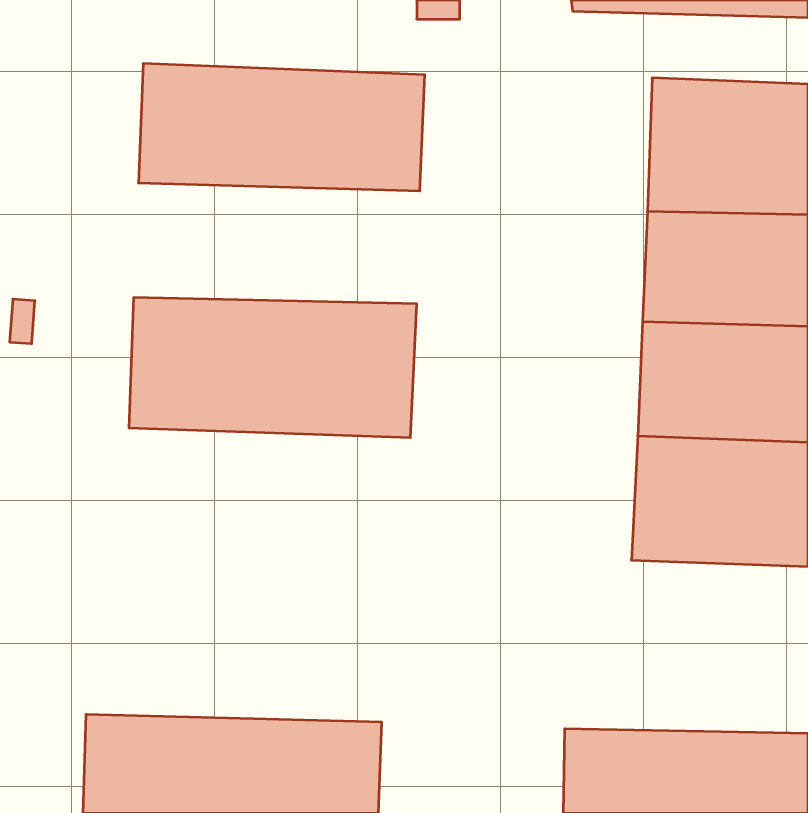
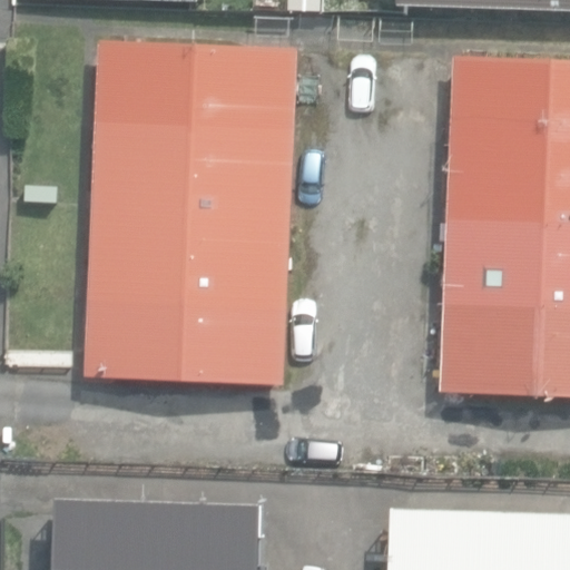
building: none -> [94,128,294,213]
building: none -> [87,299,287,385]

